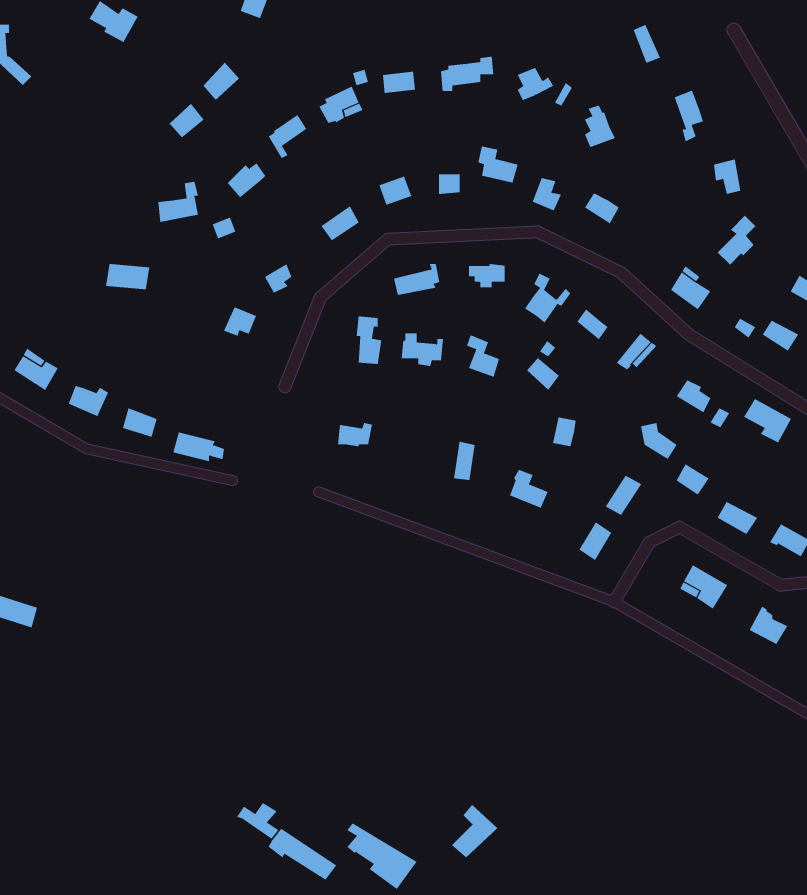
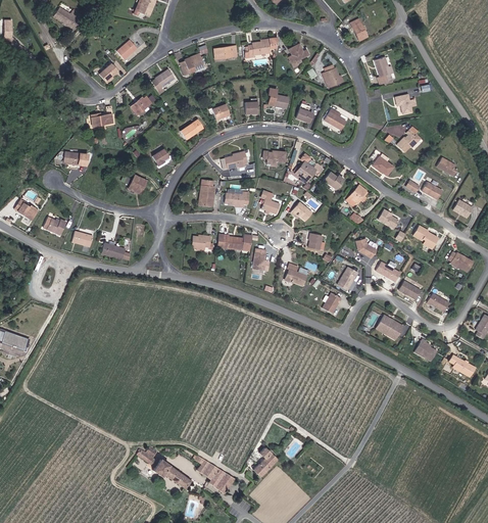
building: none -> [216,234,250,252]

